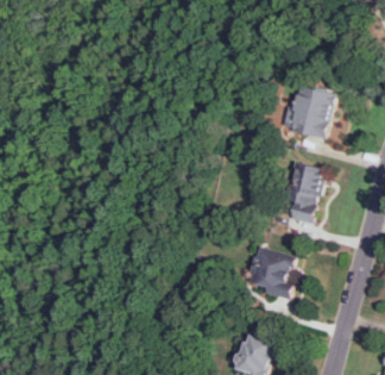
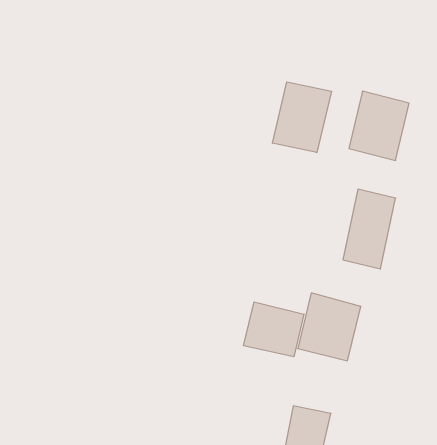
building: none -> [272,82,331,153]
building: none -> [244,302,304,357]

